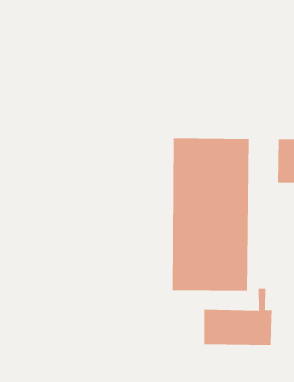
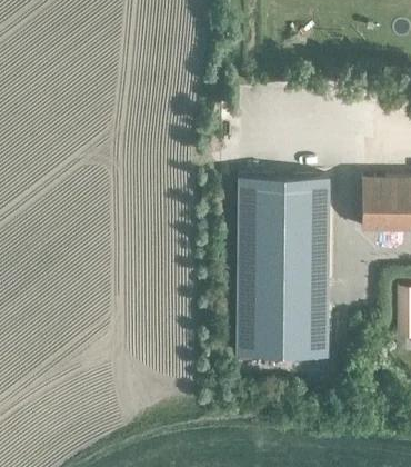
building: [204,288,272,346] -> none

